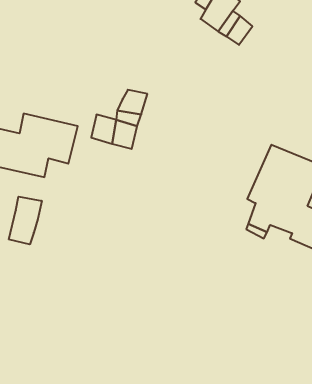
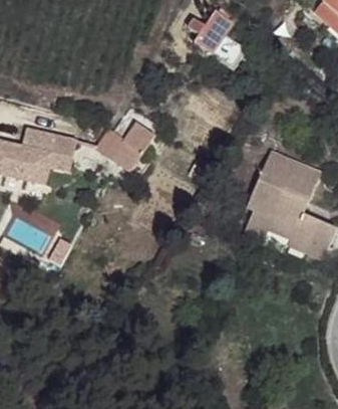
building: [9,197,42,244] -> none

